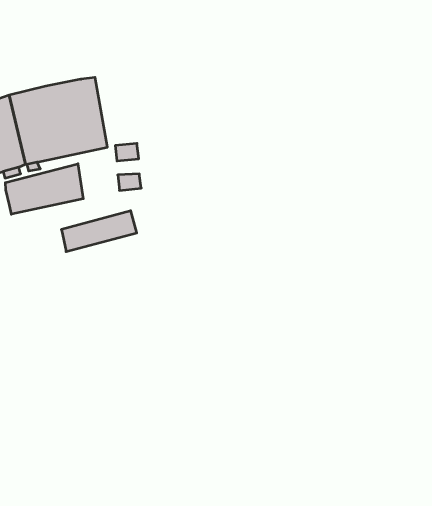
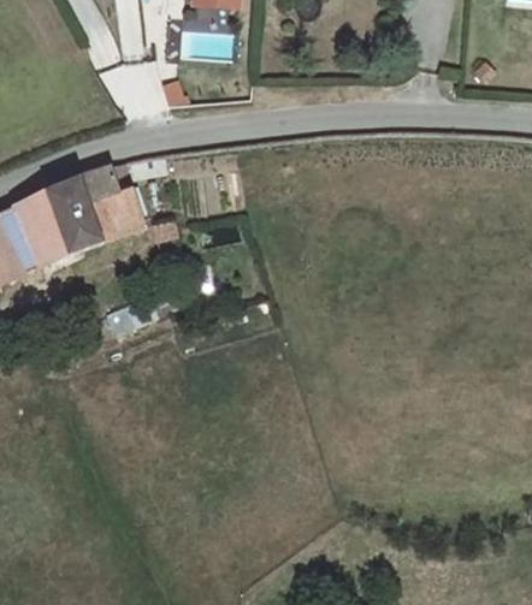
building: [5,164,83,214] -> none

